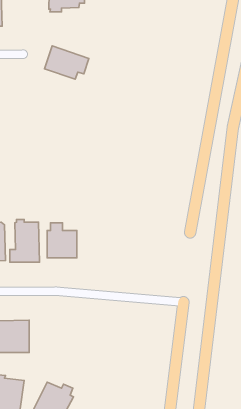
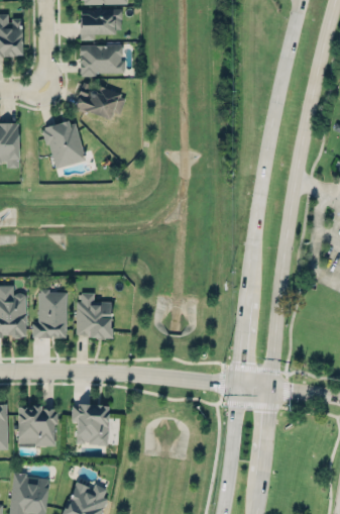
building: none -> [79,43,125,78]
building: none -> [41,122,86,171]
building: none -> [72,399,110,443]

